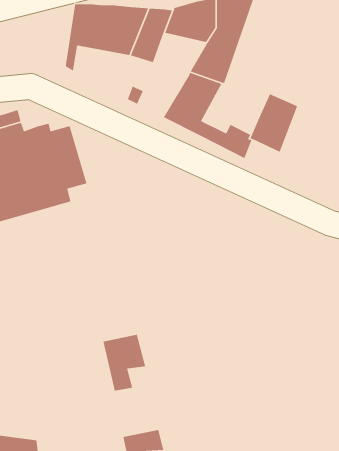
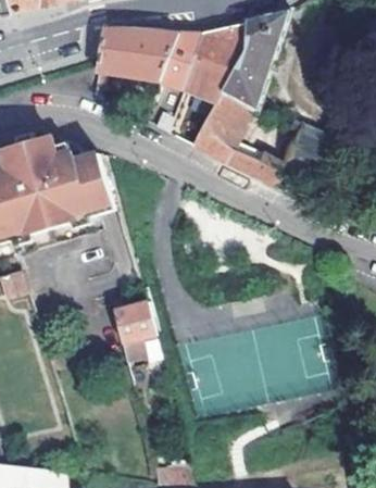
building: none -> [184,59,238,101]
building: [102,334,146,391] -> [113,302,158,361]

